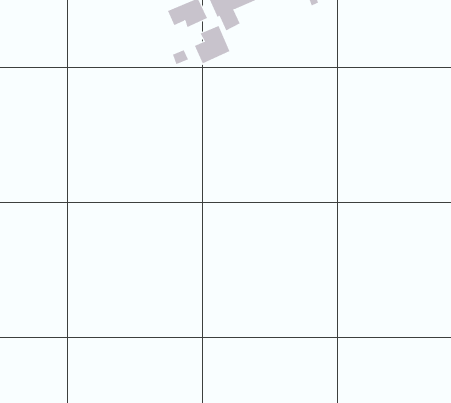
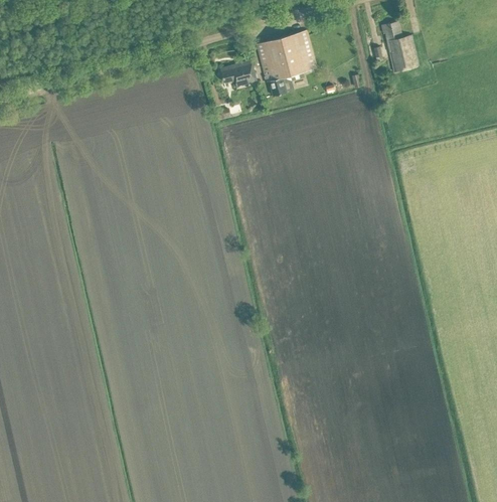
building: [194,25,230,64] -> none

